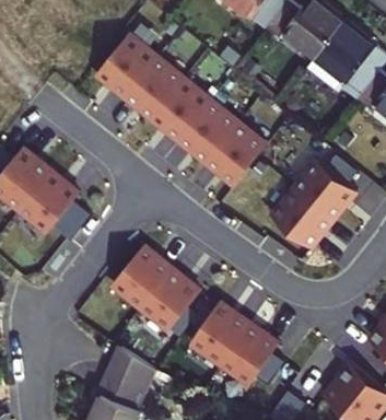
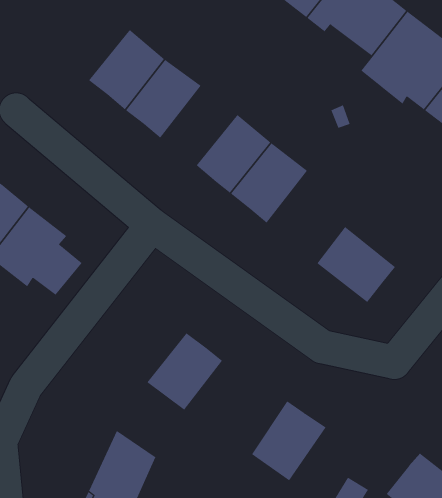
building: [152,80,211,141] -> none
building: [294,154,358,220] -> none
building: [113,247,172,308] -> none
building: [192,303,249,364] -> none

